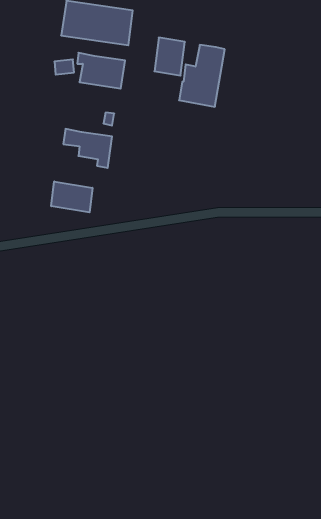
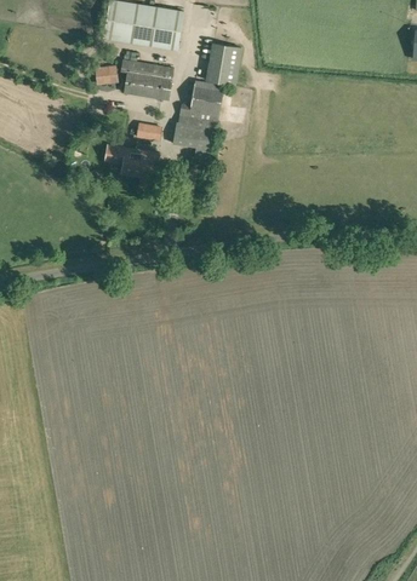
building: [179,45,225,107] -> [172,81,223,150]
building: [51,181,92,212] -> none

